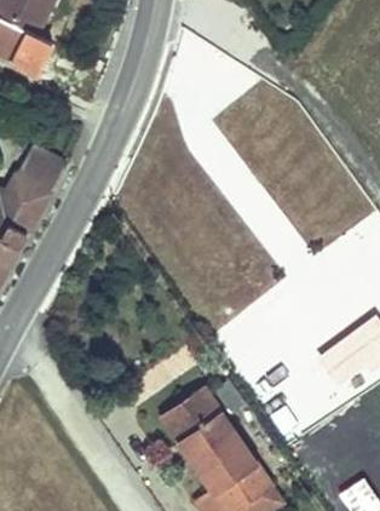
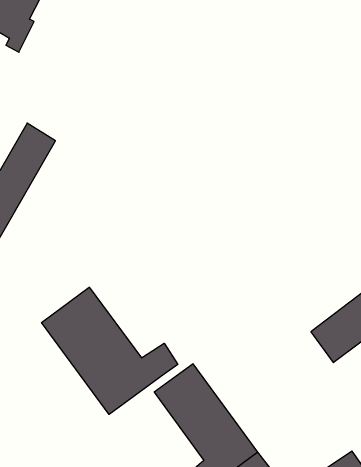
building: none -> [42,287,178,414]

